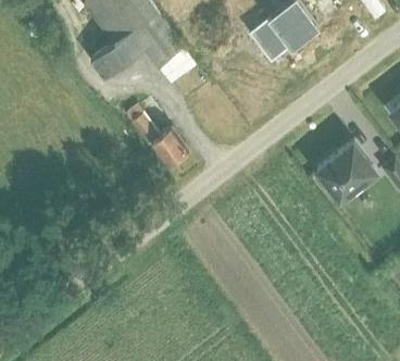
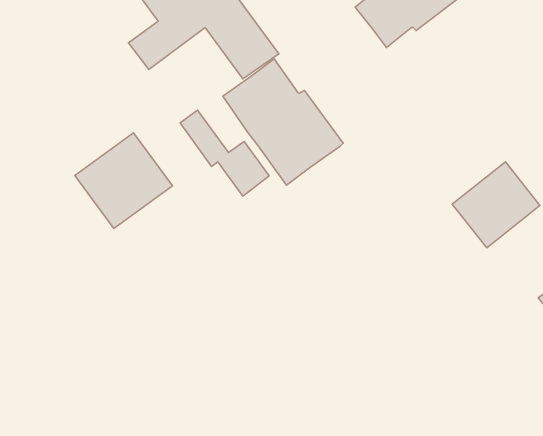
building: none -> [223,59,343,185]
building: none -> [75,133,172,229]

